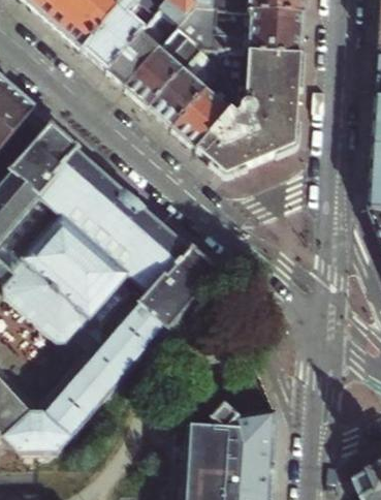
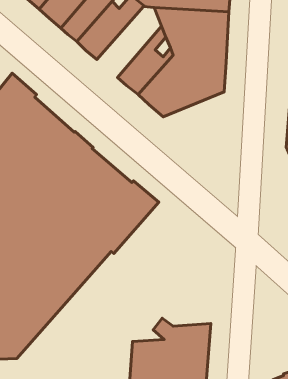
building: [149,45,223,127] -> none

